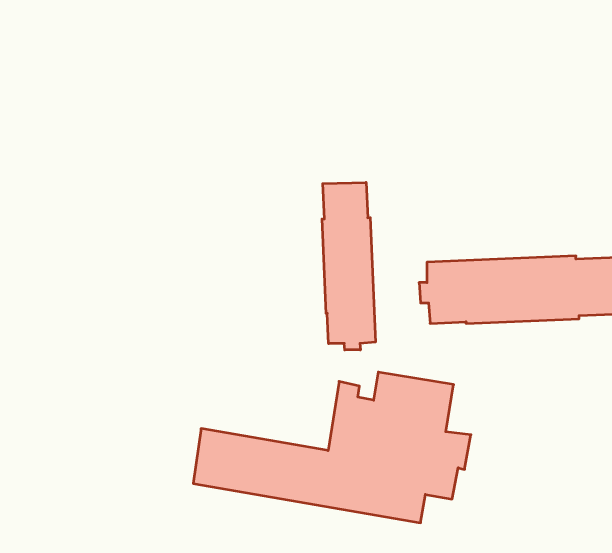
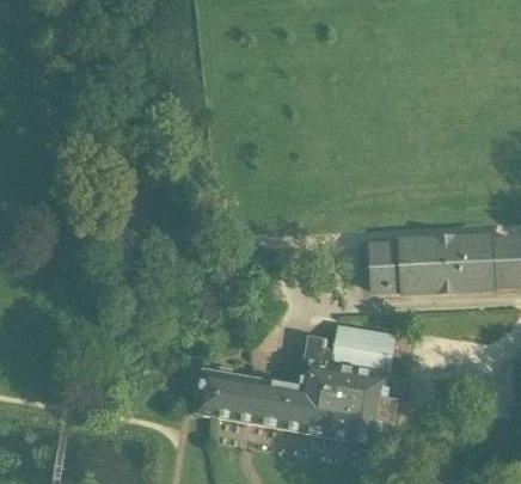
building: [322,182,375,350] -> none

